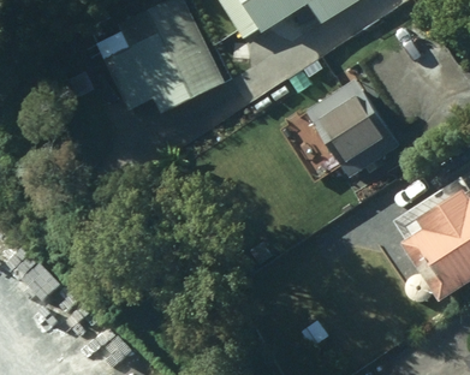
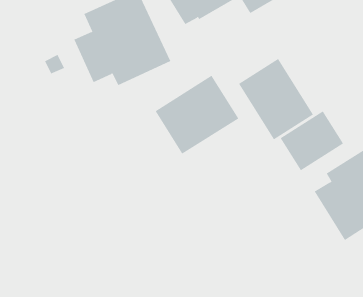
building: none -> [155,75,239,155]
building: none -> [280,110,344,171]

